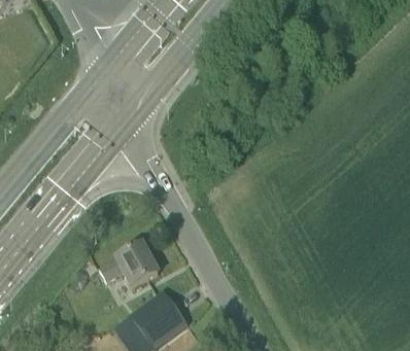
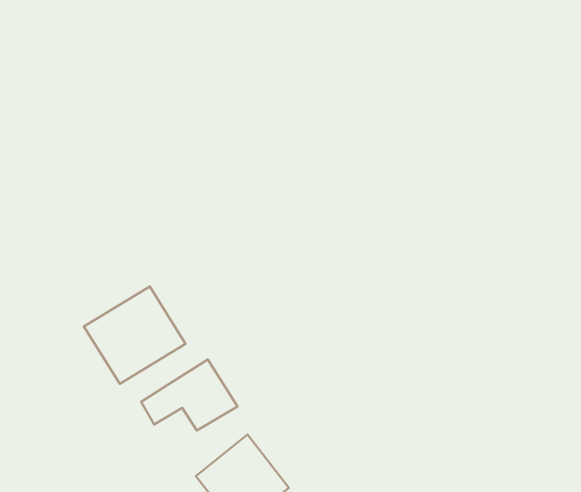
building: none -> [84,286,186,384]

